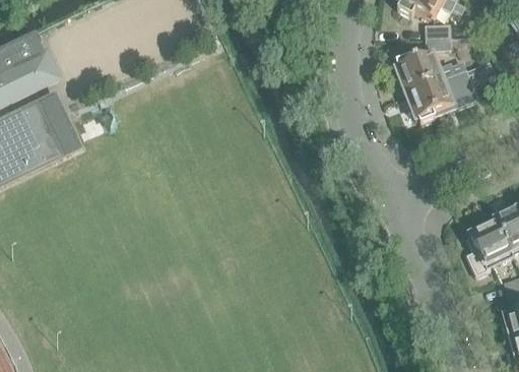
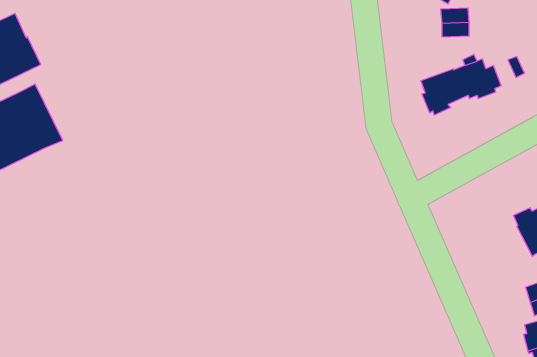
building: [394,51,438,89] -> none
building: [464,224,510,275] -> none

